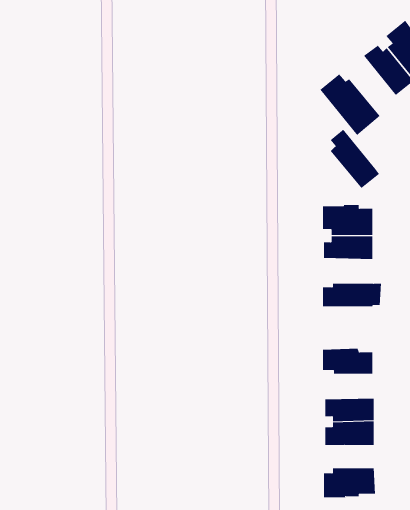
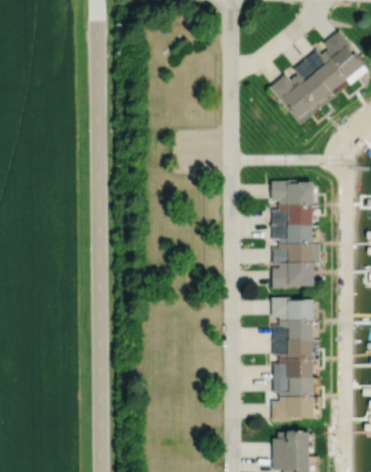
building: [330,129,380,189] -> [294,60,334,109]
building: none -> [272,225,313,245]
building: none -> [272,264,314,289]
building: none -> [273,319,314,340]
building: none -> [273,377,314,396]

